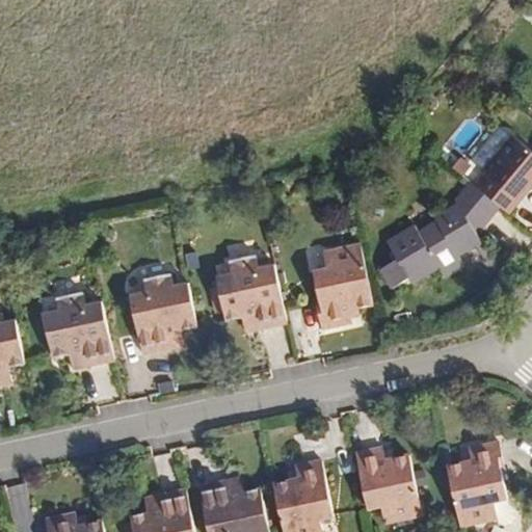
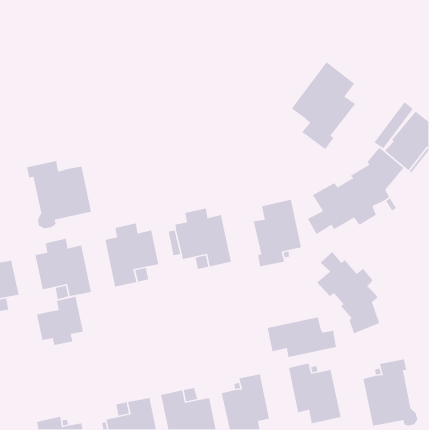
building: none -> [291,61,356,150]
building: none -> [26,160,92,229]
building: none -> [316,251,380,334]
building: none -> [36,296,84,346]
building: none -> [267,316,337,358]

